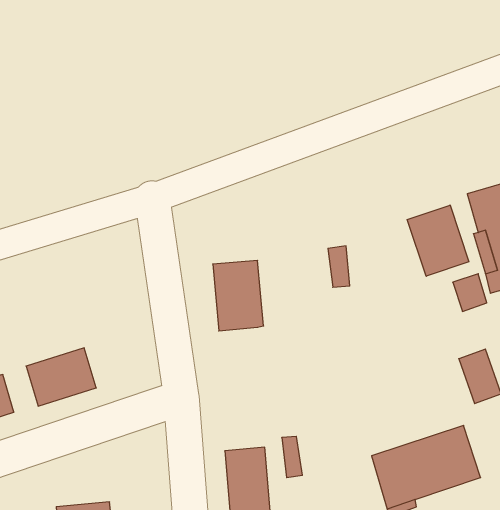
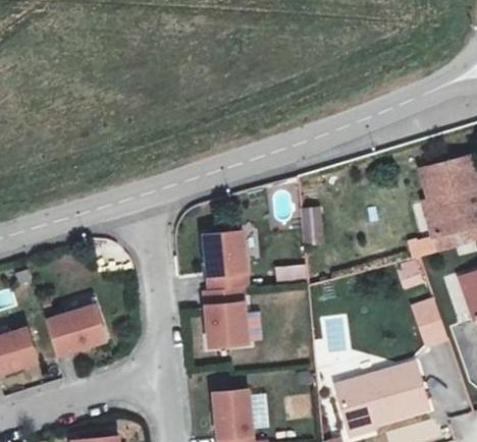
building: [407,205,469,276] -> none
building: none -> [204,286,247,345]

